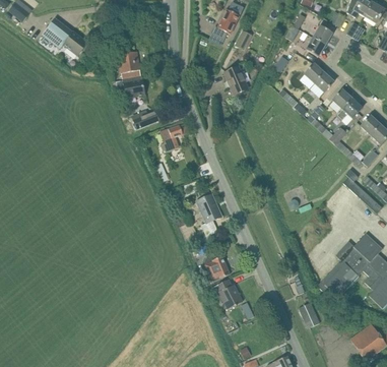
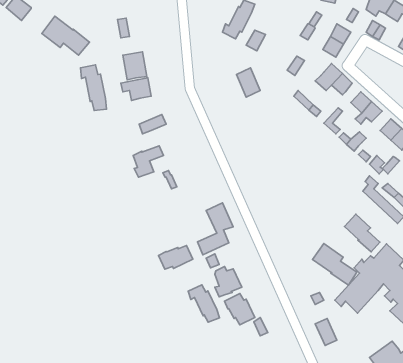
building: none -> [80,65,106,110]
building: [159,122,188,151] -> [133,146,163,177]
building: none -> [344,214,380,252]
building: none -> [312,243,357,285]
building: none -> [158,245,193,269]
building: none -> [188,285,220,322]

